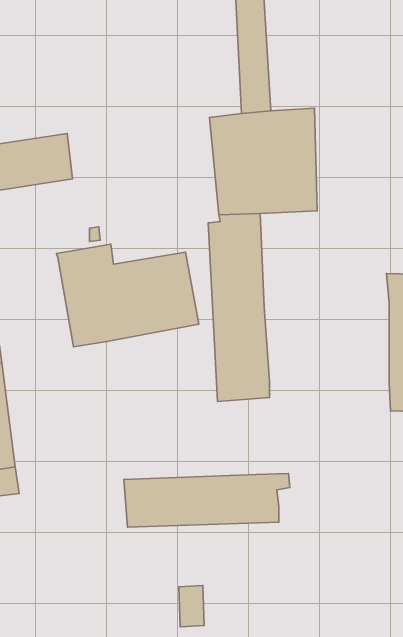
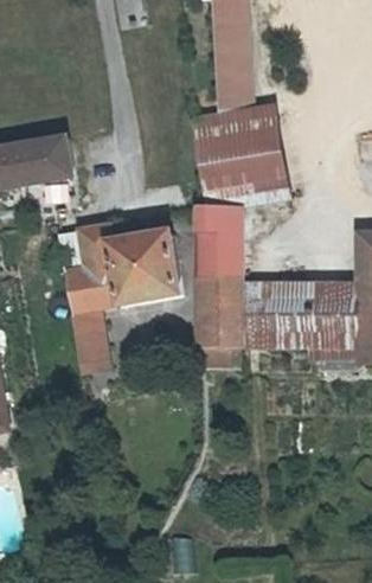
building: none -> [242,280,353,347]
building: none -> [72,310,110,376]
building: [124,474,290,527] -> none

